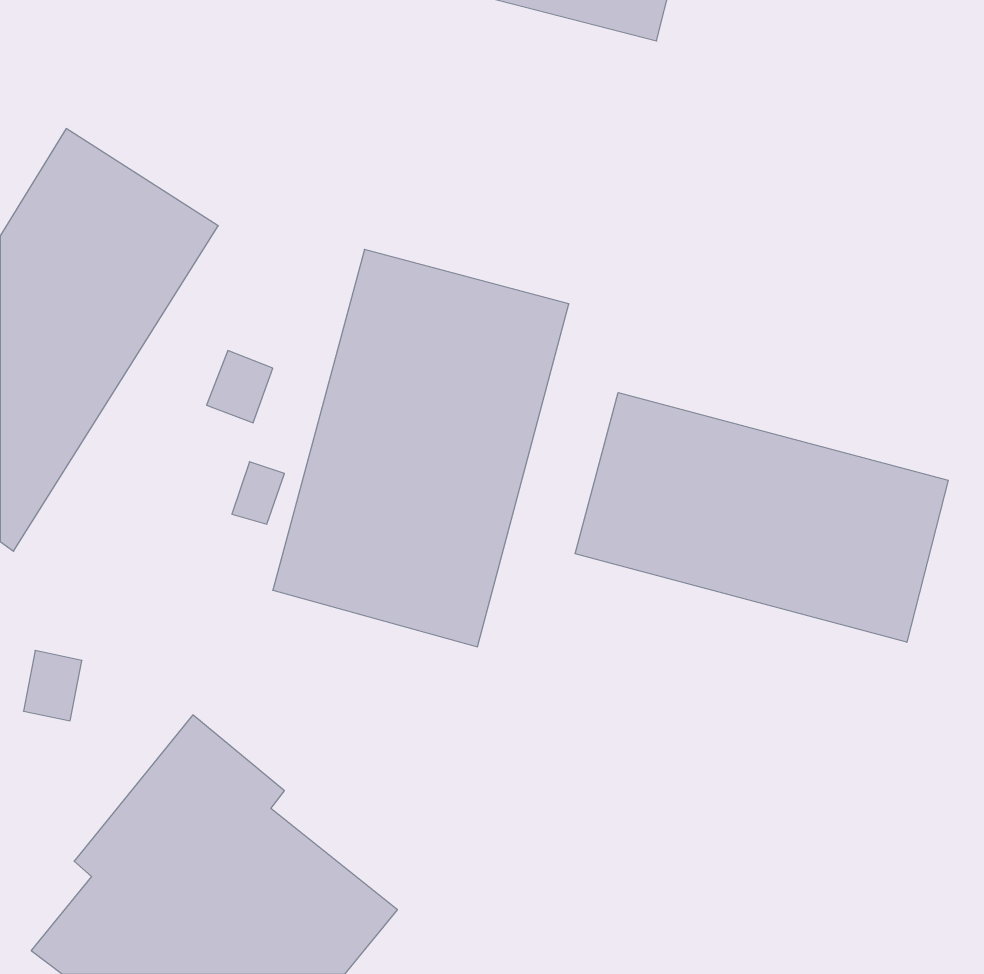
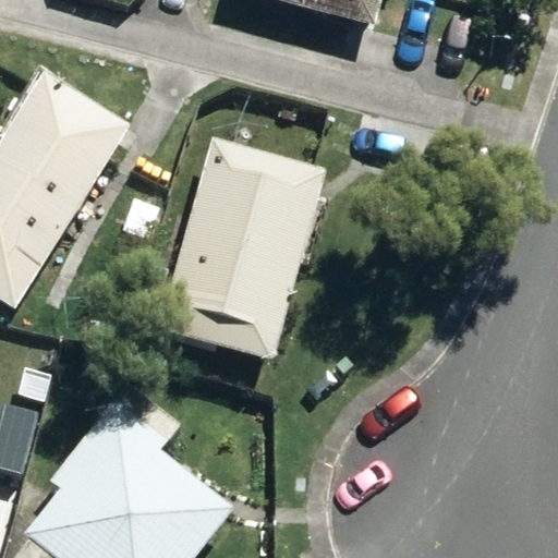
building: [575,393,948,642] -> none

